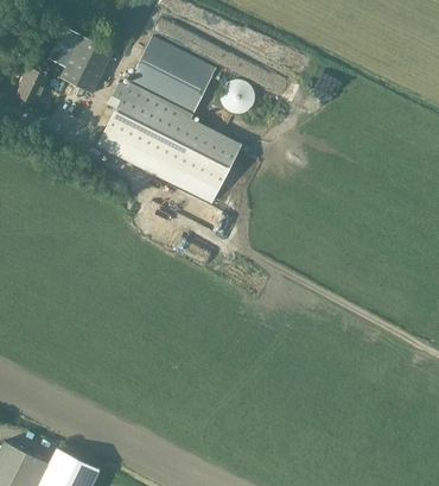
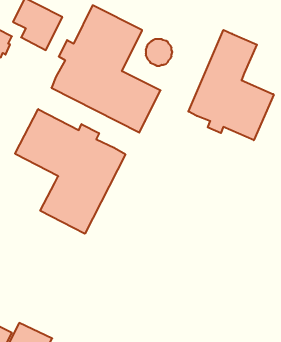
building: none -> [188,30,274,140]
building: none -> [15,109,125,234]

